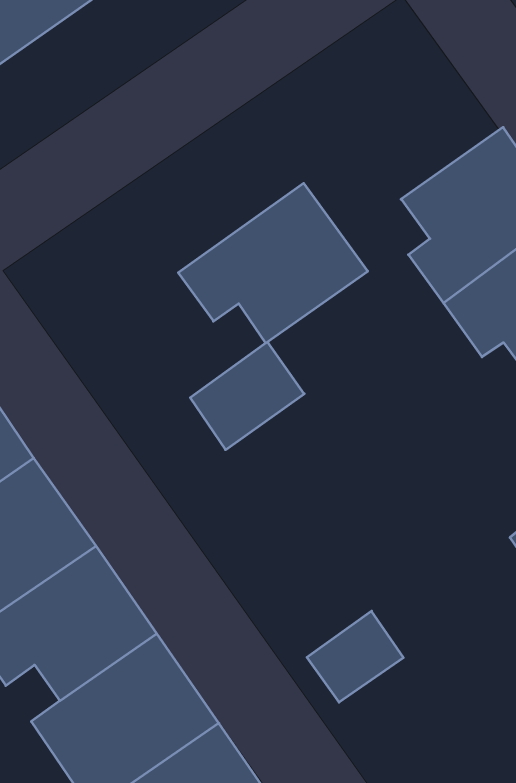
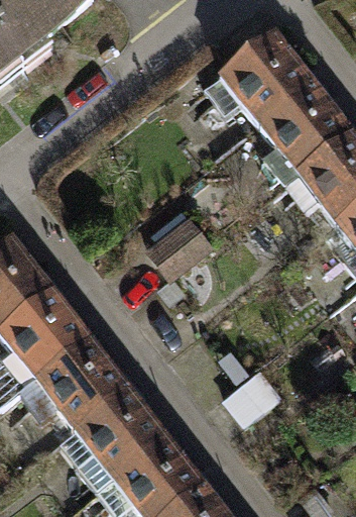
building: [178,183,368,343] -> [205,29,316,124]

